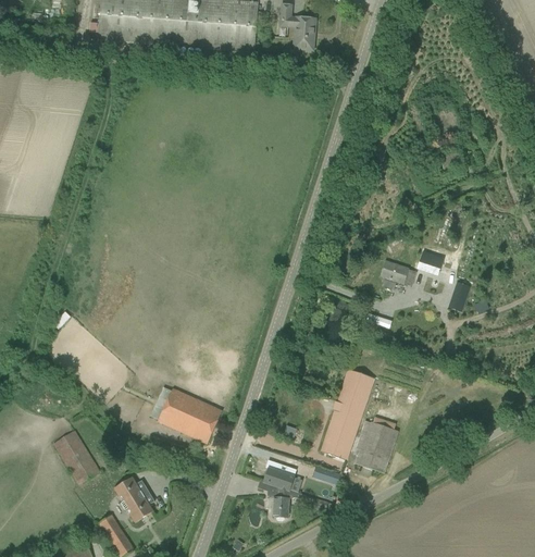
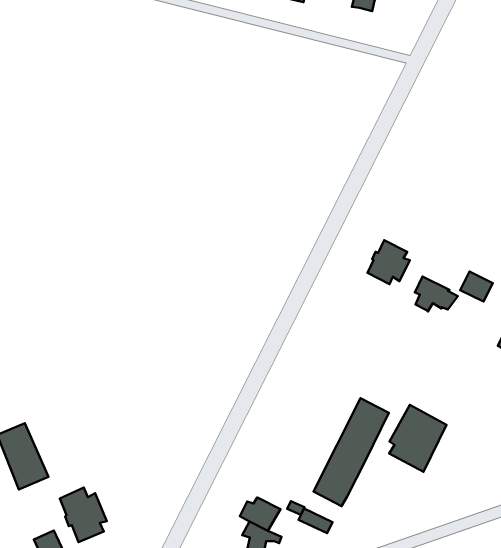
building: none -> [368,240,410,284]
building: [149,385,222,442] -> none
building: [352,419,397,472] -> [389,405,446,472]

